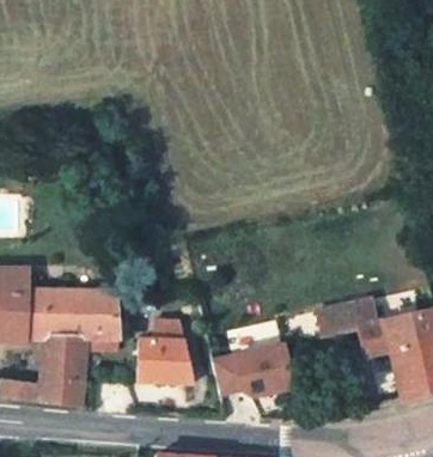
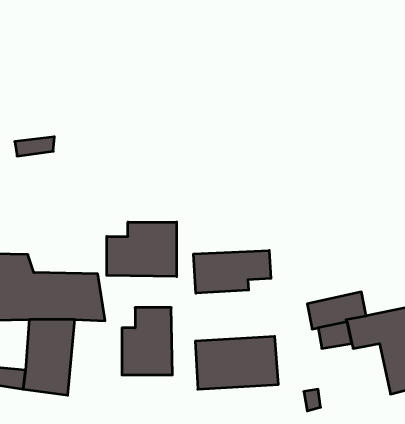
building: none -> [107,222,177,277]
building: none -> [194,250,271,293]

